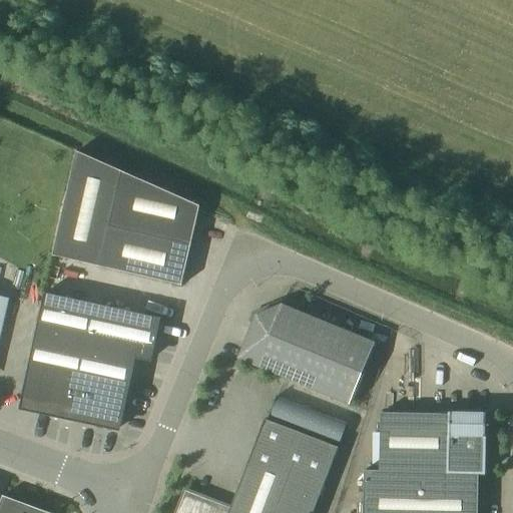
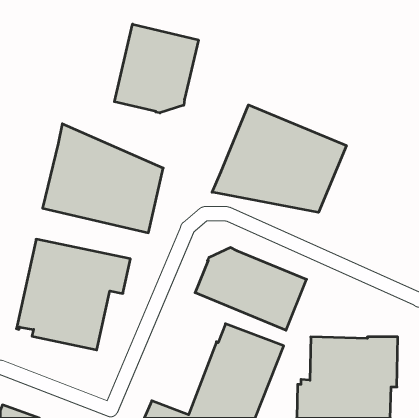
building: none -> [114,24,198,113]
building: none -> [212,105,346,212]

